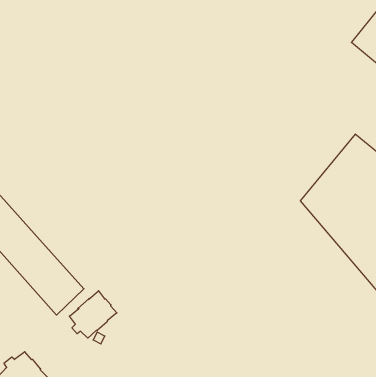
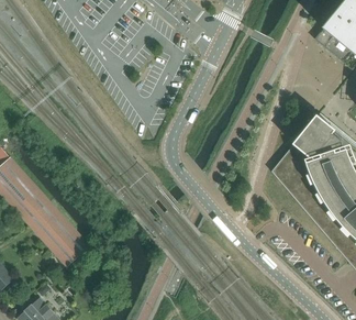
building: [69,291,117,338] -> none

